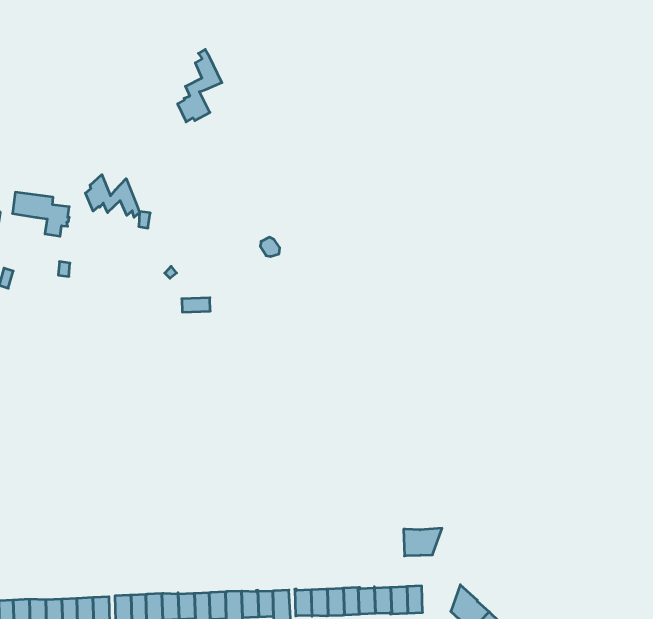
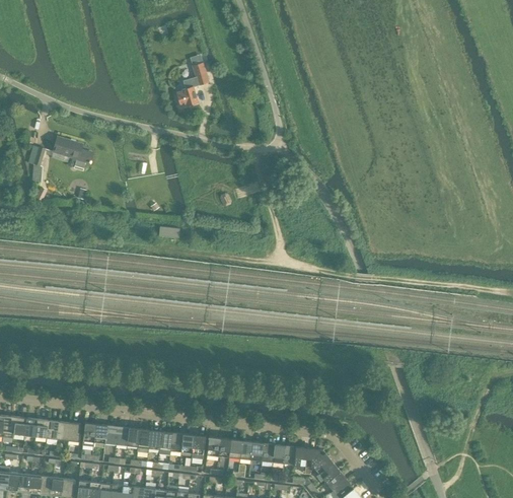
building: [85,175,140,217] -> none
building: [404,528,442,556] -> [293,446,321,467]

